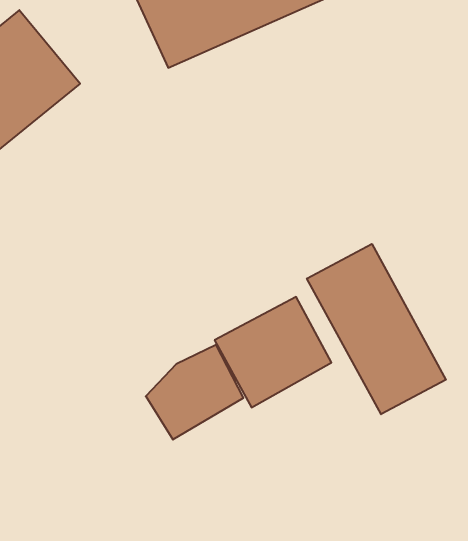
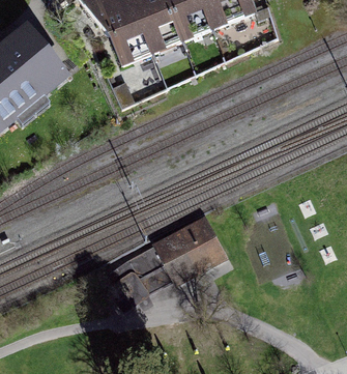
building: [307,244,446,414] -> none

